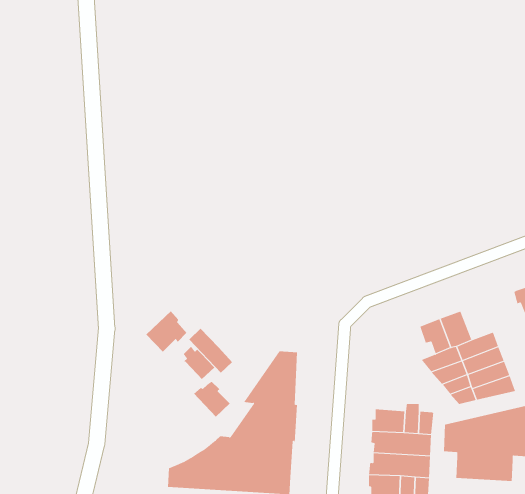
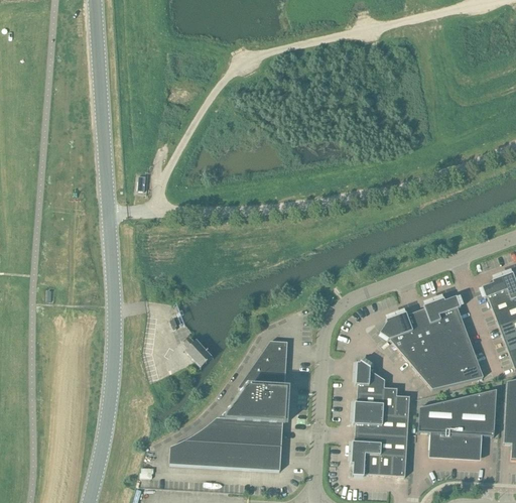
building: none -> [434,297,464,331]
building: [146,311,187,352] -> none
building: none -> [381,319,411,349]
building: [189,328,233,374] -> none
building: none -> [355,361,385,395]
building: [193,381,230,418] -> none

